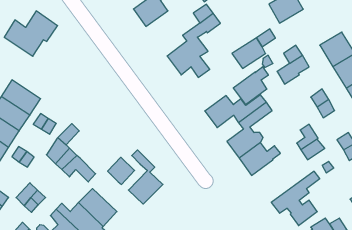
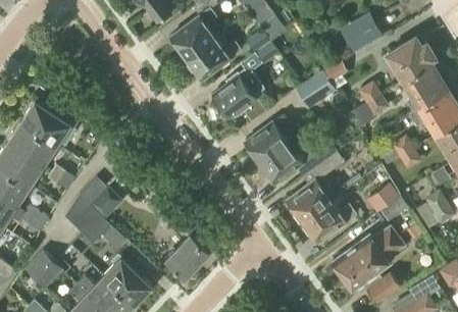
building: none -> [387,37,434,81]
building: none -> [187,38,240,80]
building: [4,11,58,56] -> [20,91,87,147]
building: [233,67,268,105] -> [245,115,289,162]
building: [108,157,135,184] -> [88,187,121,220]
building: none -> [334,228,396,275]

